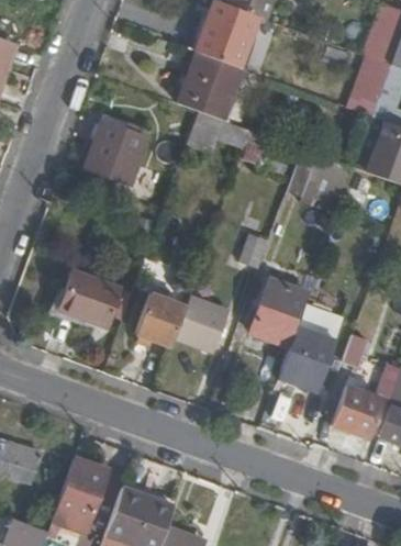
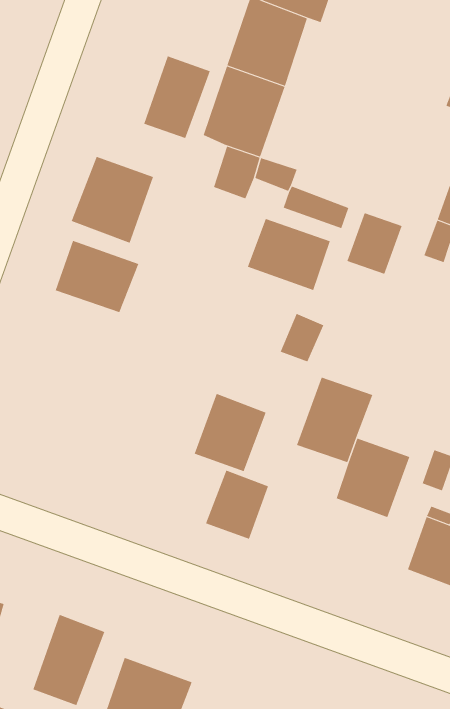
building: none -> [143,56,210,139]
building: none -> [247,218,330,291]
building: [59,274,122,327] -> [55,240,139,313]
building: [135,293,182,345] -> [205,470,269,540]

